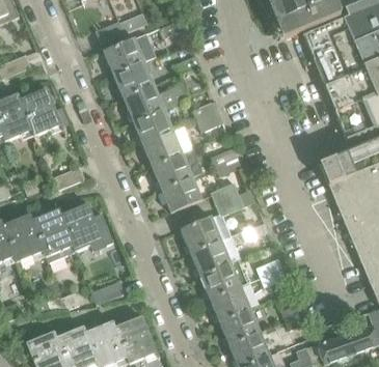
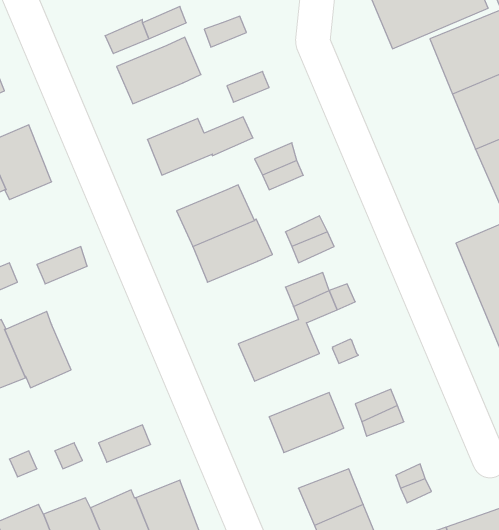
building: [113,60,155,96] -> none
building: [132,106,173,142] -> none
building: [161,174,202,211] -> none
building: [61,202,104,250] -> none
building: [191,233,242,274] -> none
building: [210,284,251,319] -> none

